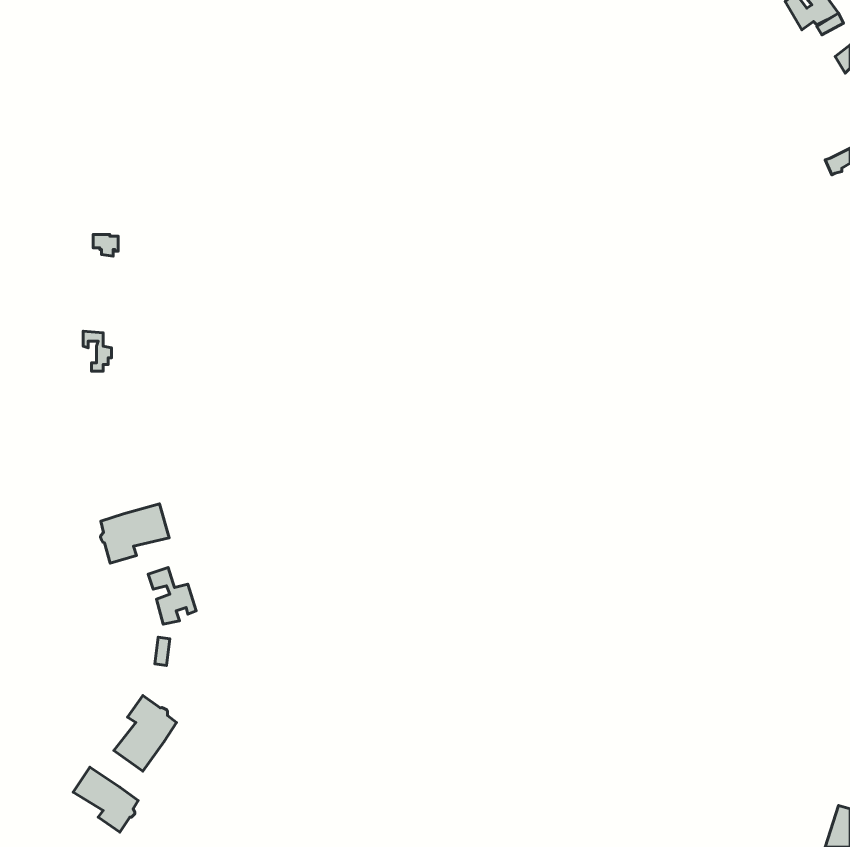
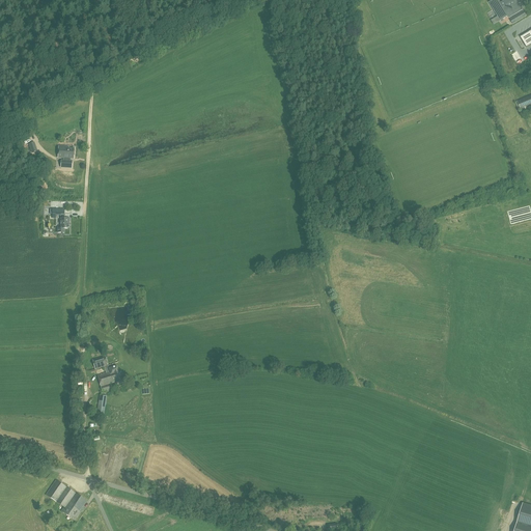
building: [100,504,169,563] -> none
building: [114,695,177,771] -> none

